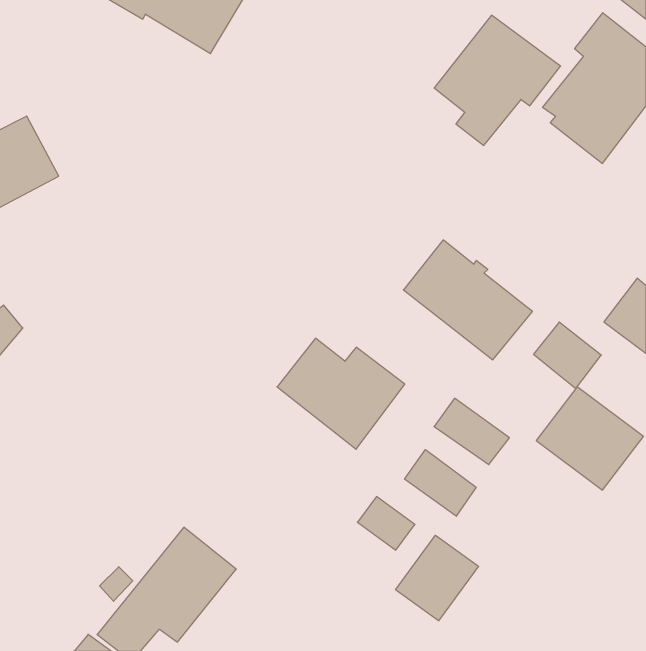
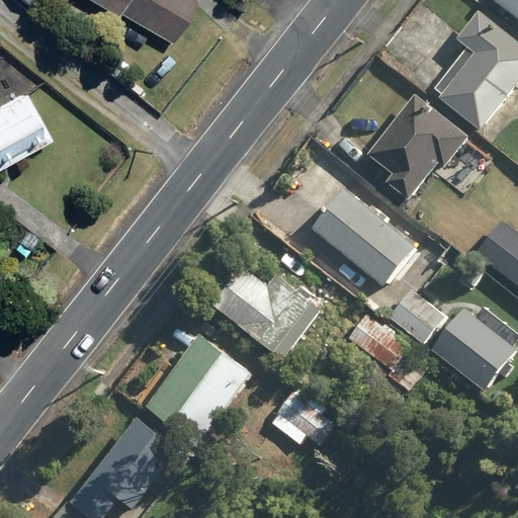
building: [434,15,561,145] -> [367,94,467,197]
building: [534,322,601,388] -> [385,289,439,342]
building: none -> [154,335,262,446]
building: [405,450,476,516] -> none
building: [396,535,479,621] -> none

